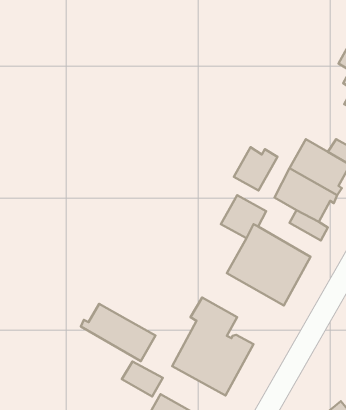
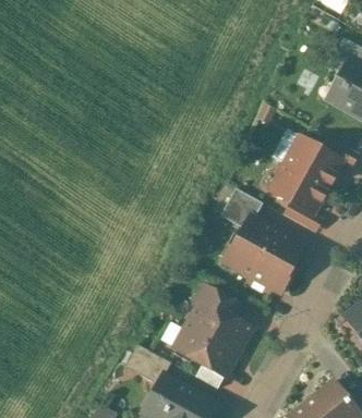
building: [234,147,277,191] -> none
building: [81,304,155,361] -> none

